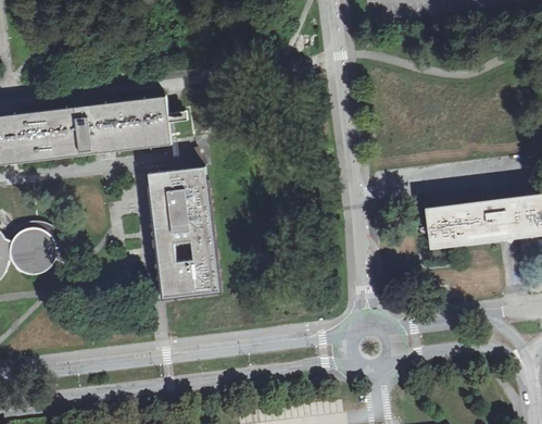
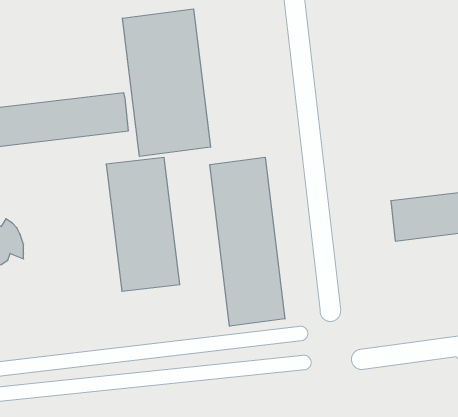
building: none -> [122,9,210,156]
building: none -> [210,157,285,326]

